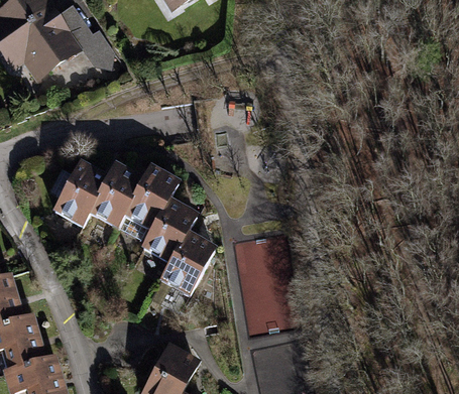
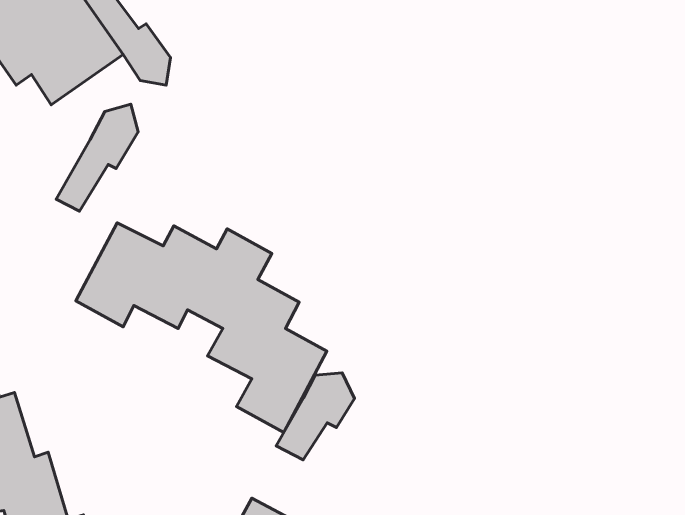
building: none -> [56,104,138,211]
building: none -> [276,373,354,460]

